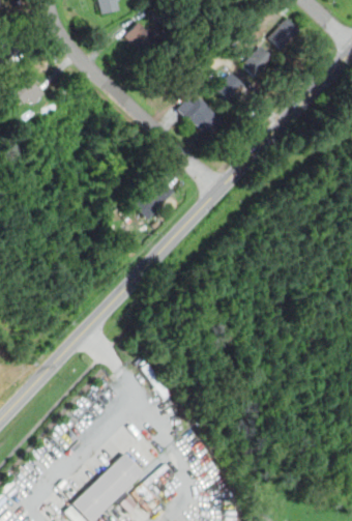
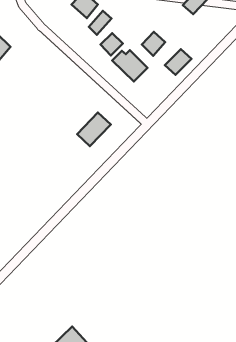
building: none -> [89,11,112,35]
building: [240,45,274,78] -> [165,49,191,75]
building: none -> [101,33,123,56]

